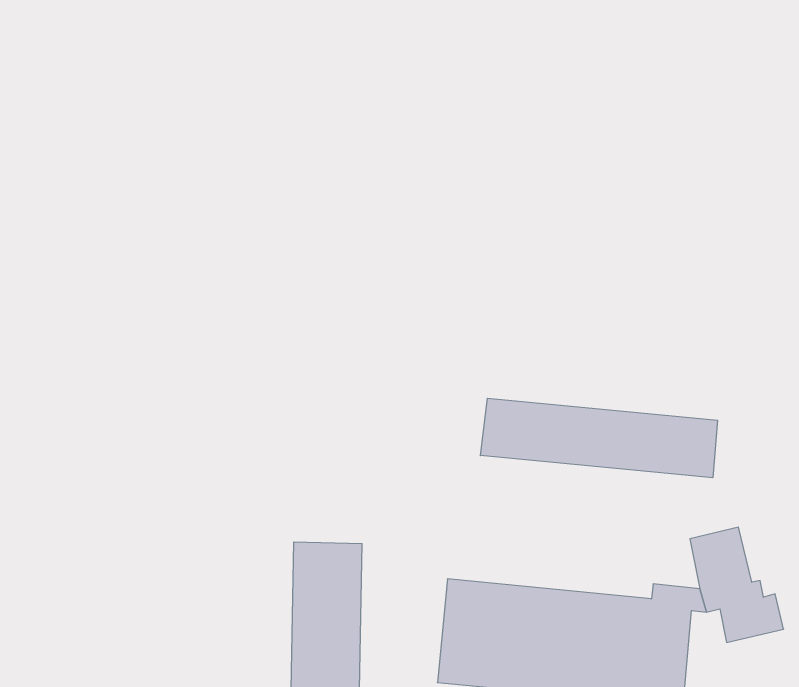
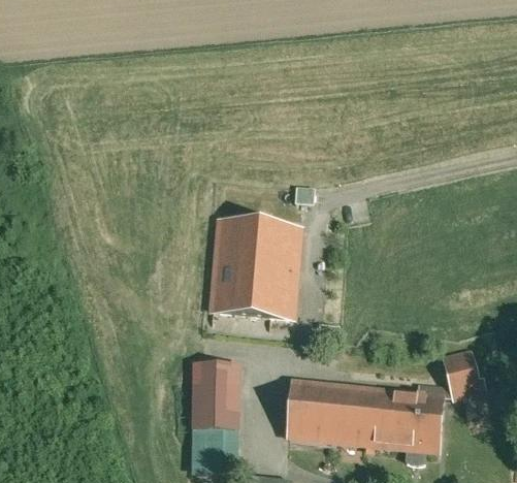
building: none -> [208,213,304,315]
building: [480,398,718,478] -> none

